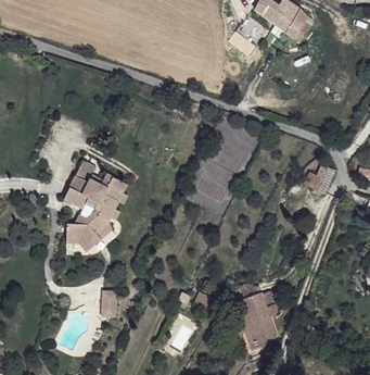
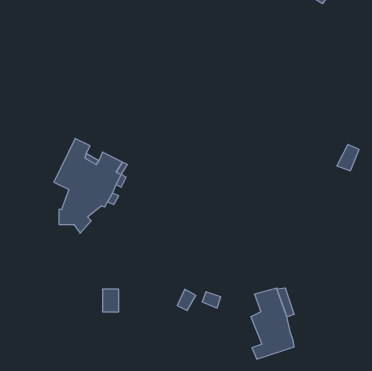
building: [71,218,115,252] -> none

